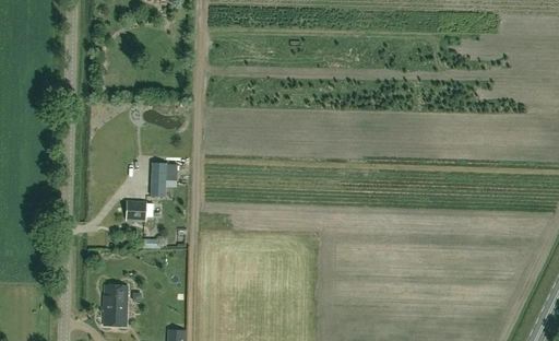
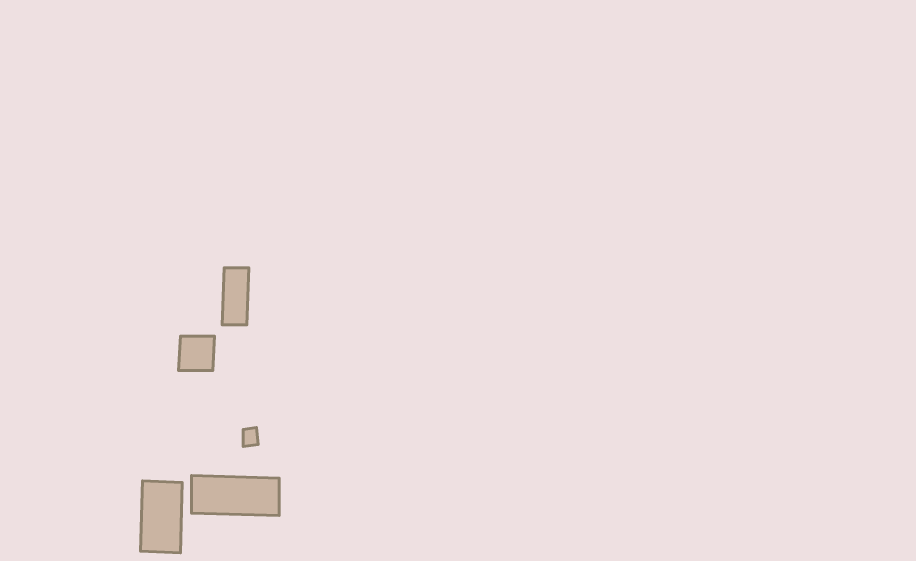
building: none -> [191,476,279,515]

